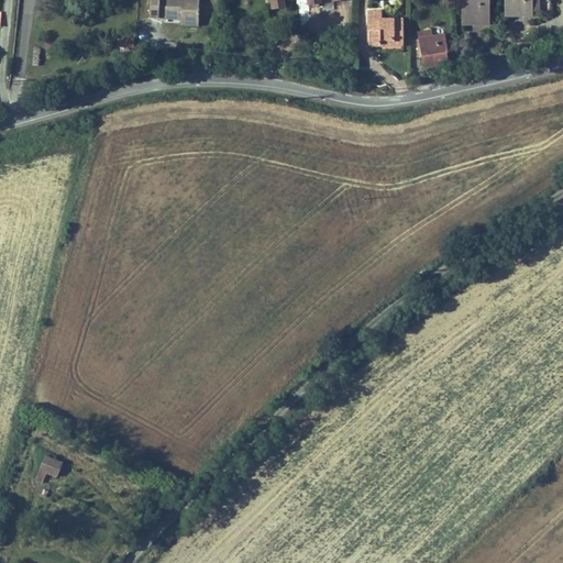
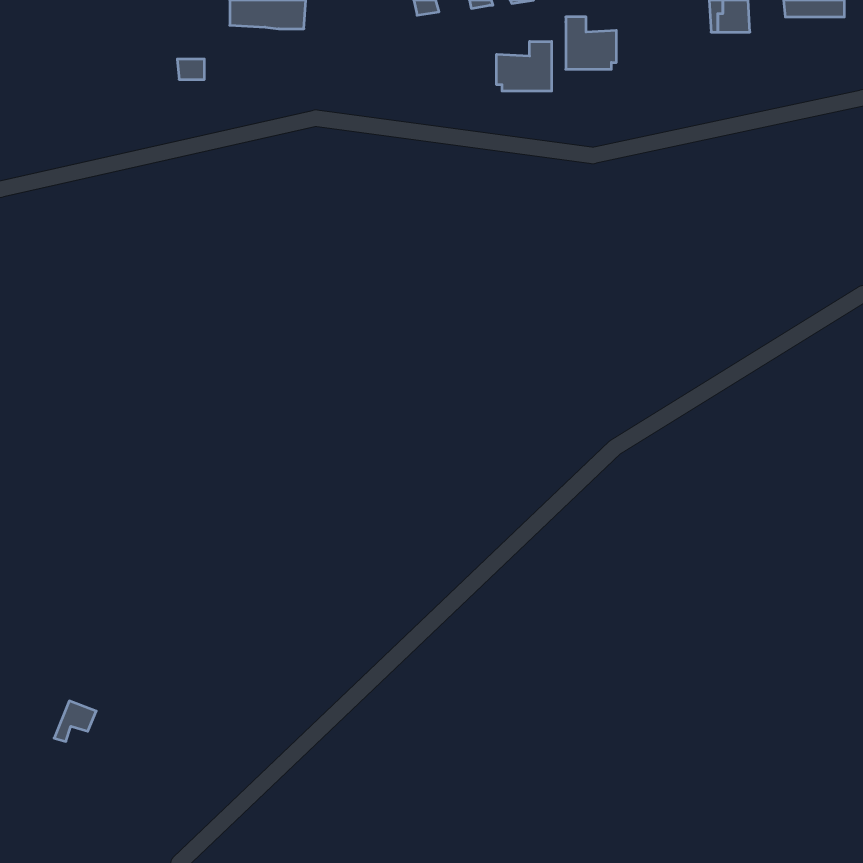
building: none -> [497,41,552,91]
building: [419,31,446,67] -> none

